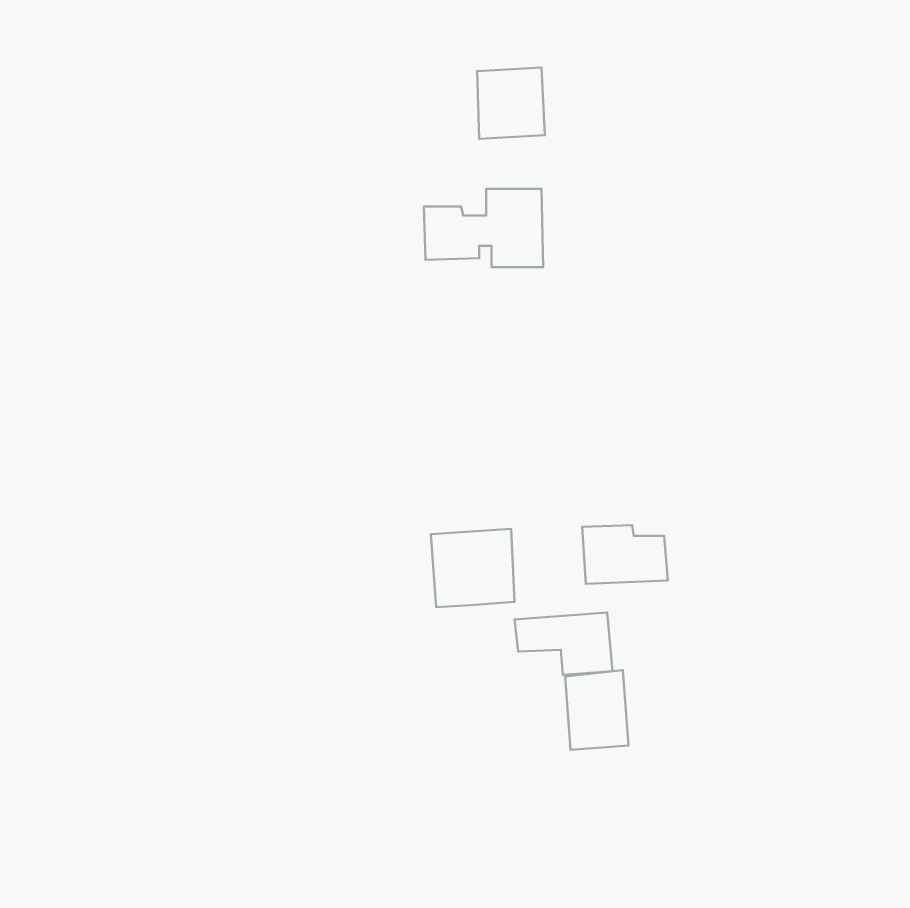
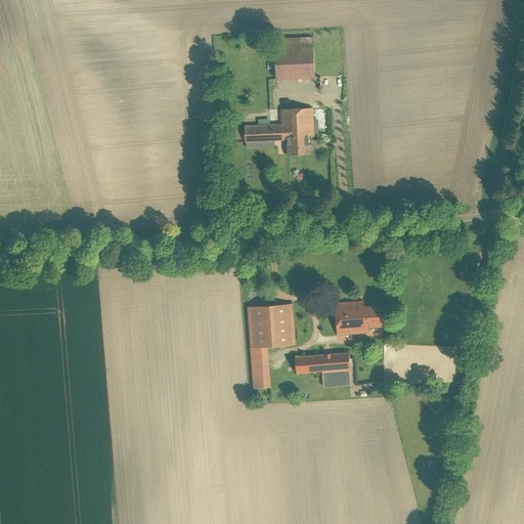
building: none -> [251,348,273,390]
building: [565,670,628,750] -> none

